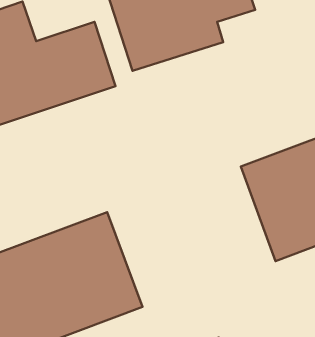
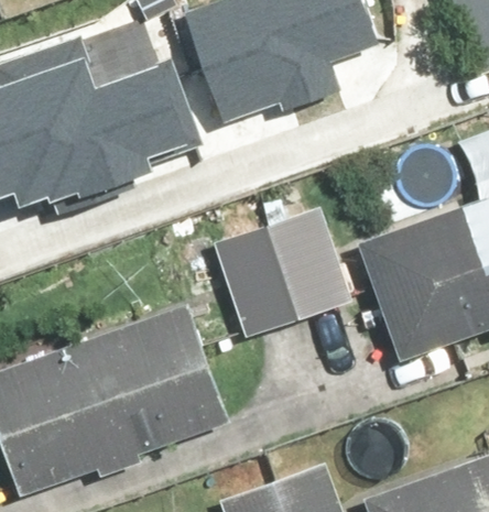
building: none -> [214,209,349,339]

